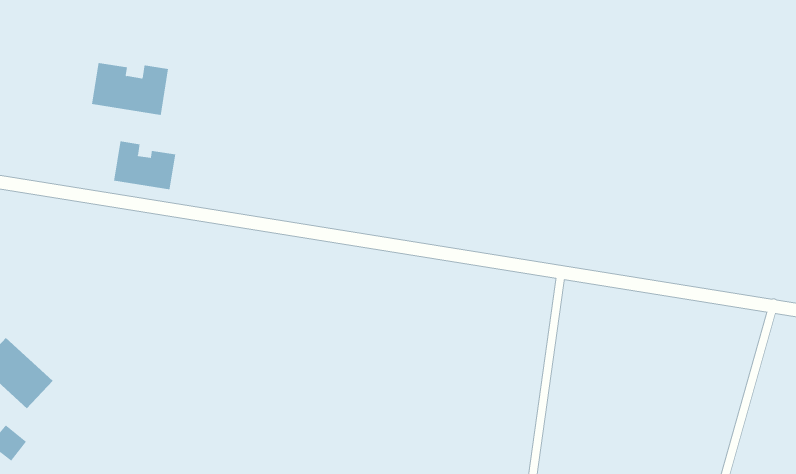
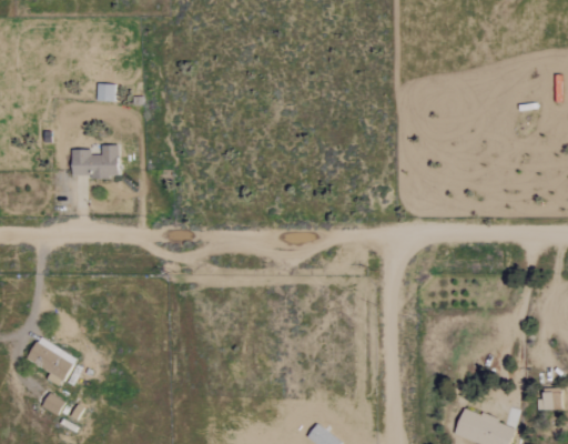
building: [114,141,176,190] -> none

